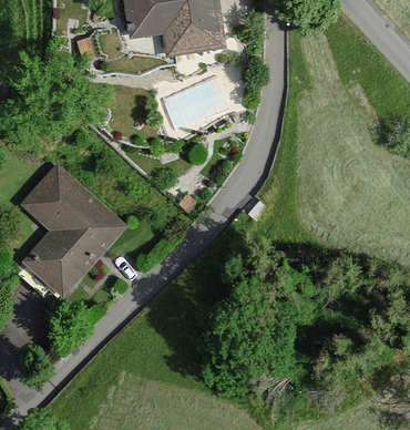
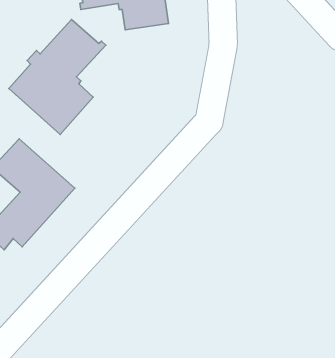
building: none -> [9,19,106,134]

